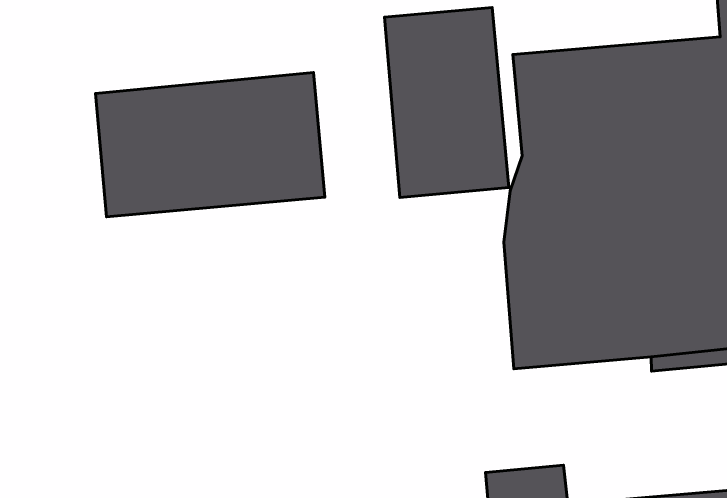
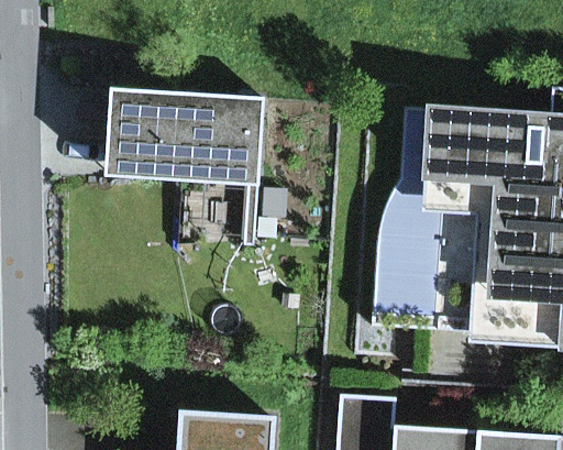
building: [384,7,509,197] -> none

